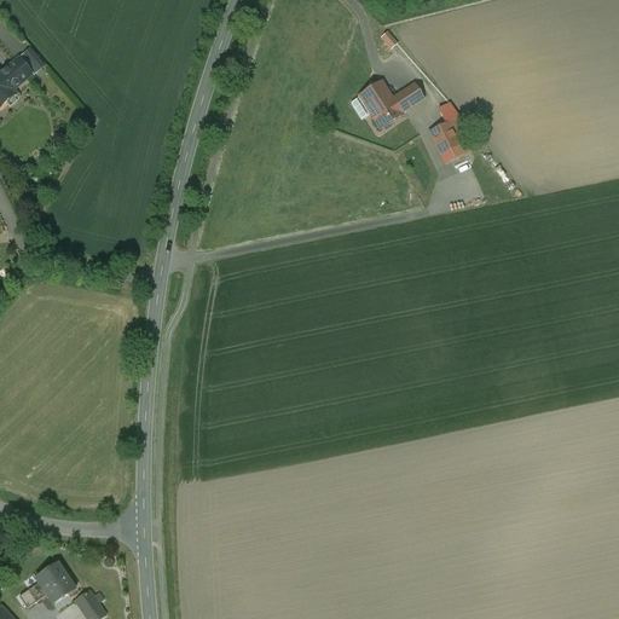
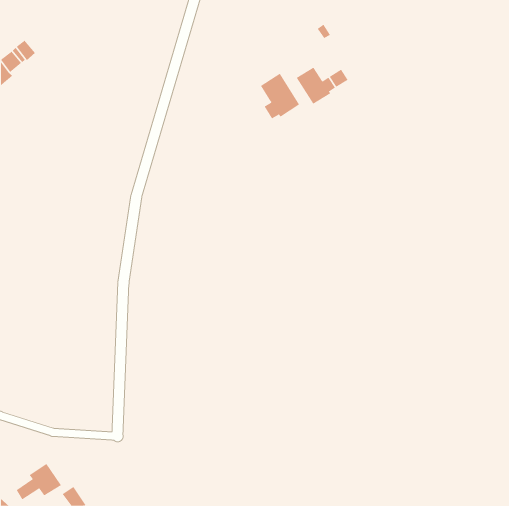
building: none -> [260,73,300,119]
building: [429,121,463,157] -> none

